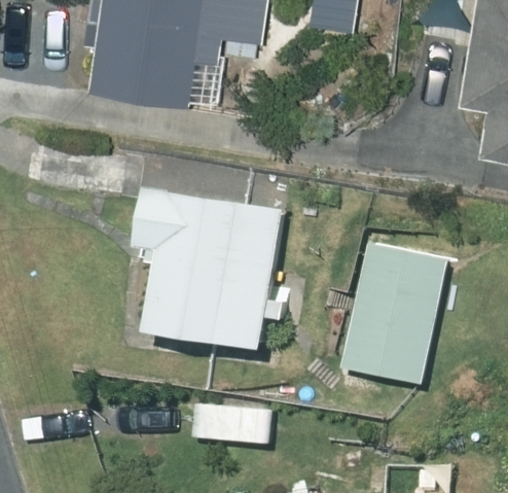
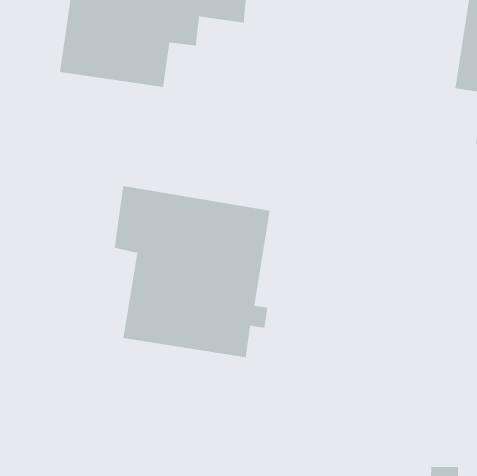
building: [340,244,448,385] -> none

